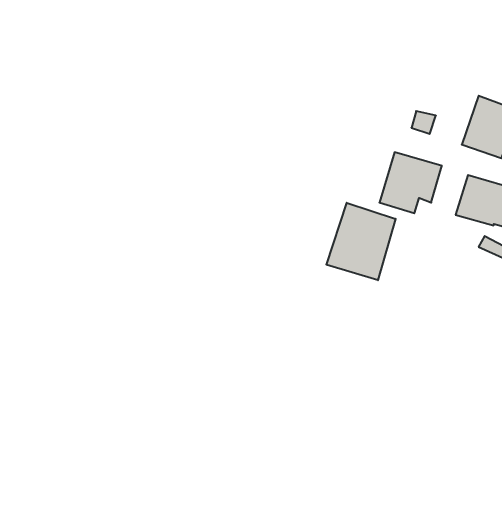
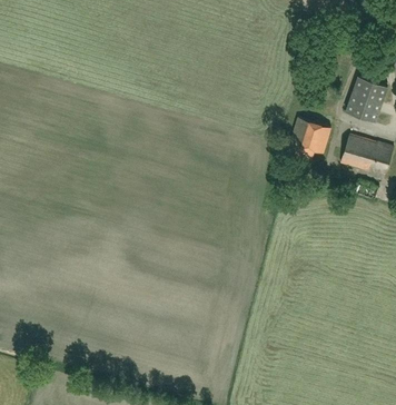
building: [326,203,396,280] -> none

